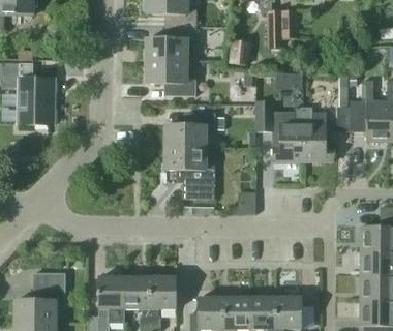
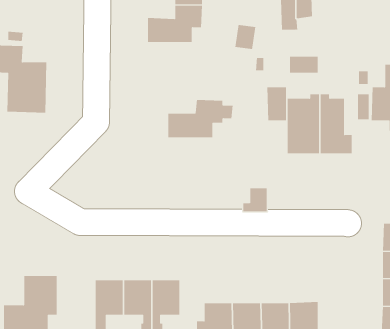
building: [146,60,195,95] -> none
building: [164,147,214,199] -> none

